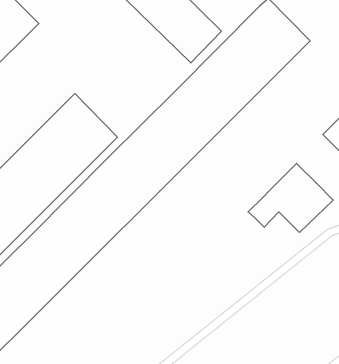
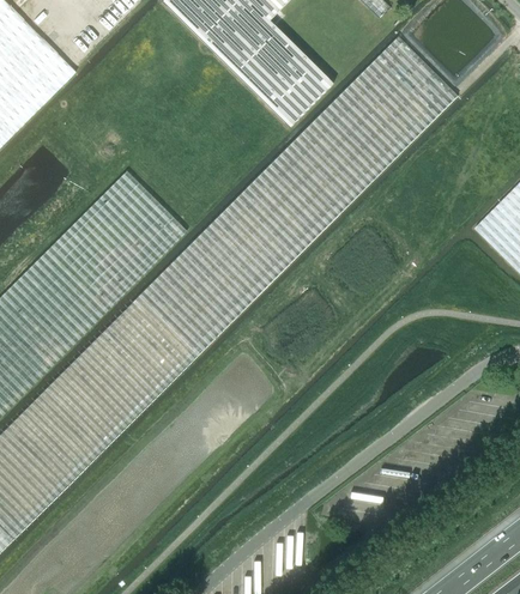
building: [248,163,333,232] -> none

